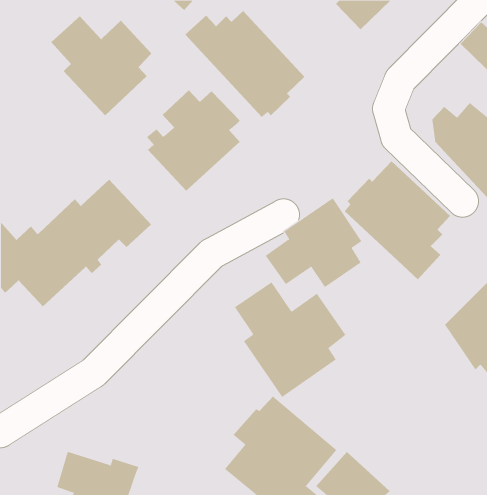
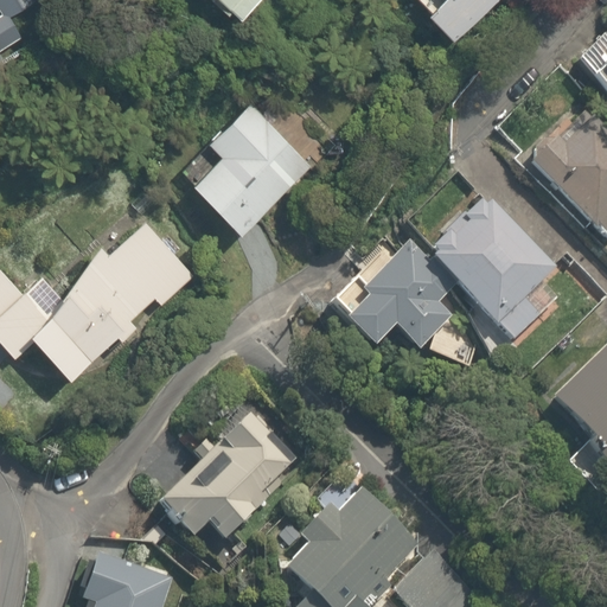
building: [184,10,305,118] -> none
building: [51,15,152,116] -> none
building: [234,282,346,398] -> none
building: none -> [149,403,296,545]

